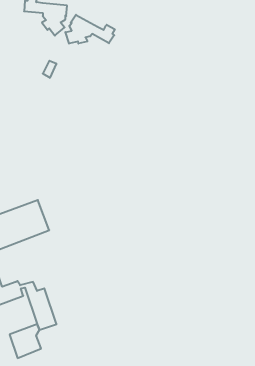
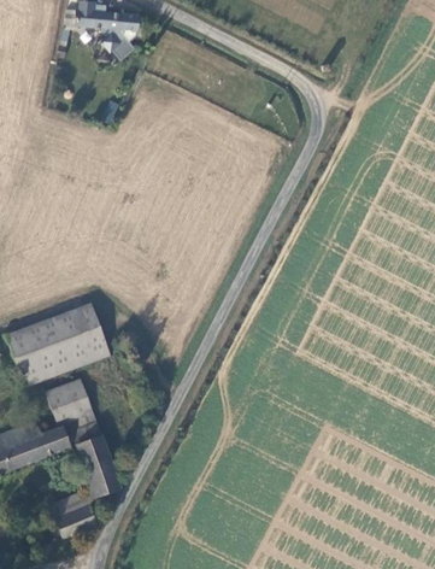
building: [65,15,115,44] -> none
building: none -> [46,379,102,439]

